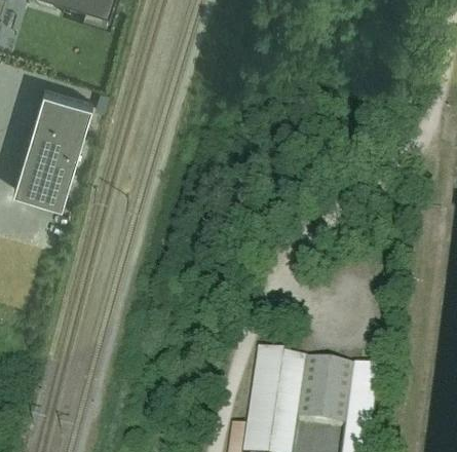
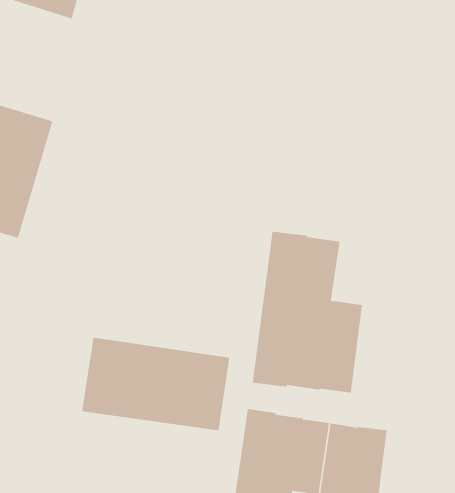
building: none -> [252,231,362,393]
building: none -> [82,337,230,431]

